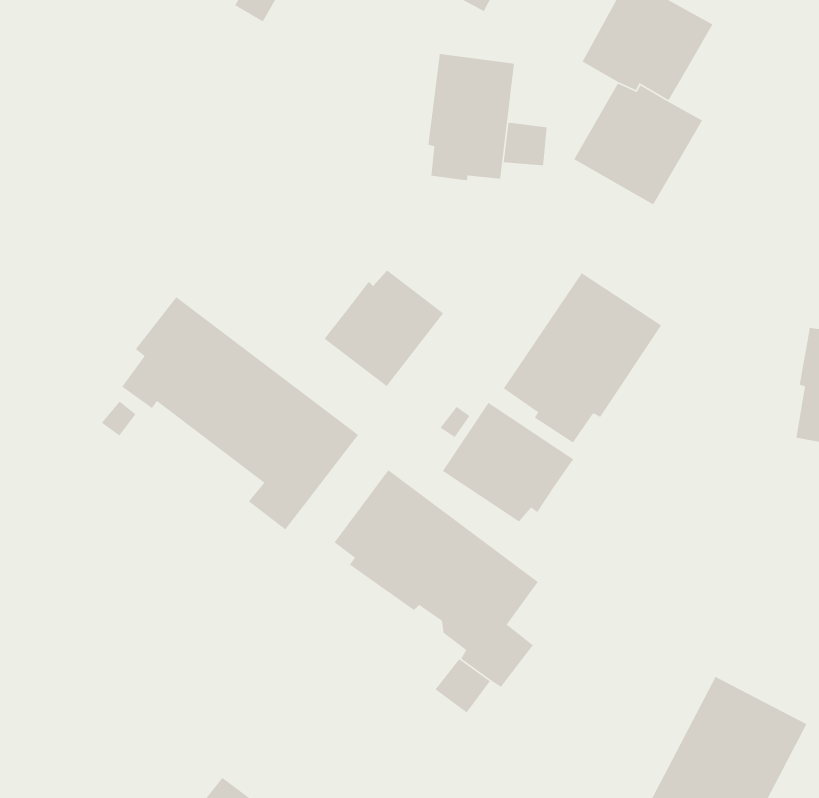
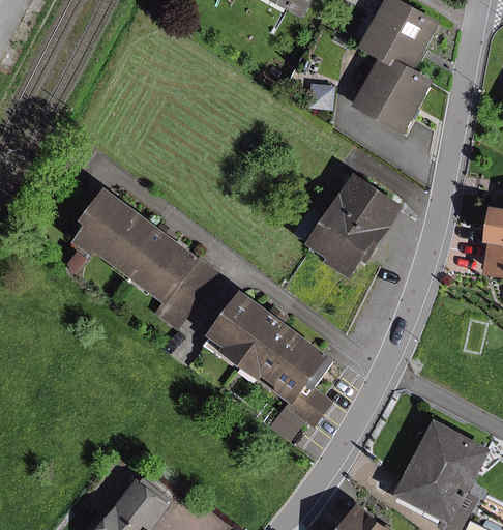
building: [428,53,515,181] -> none
building: [323,270,444,387] -> none
building: [442,402,574,523] -> none

